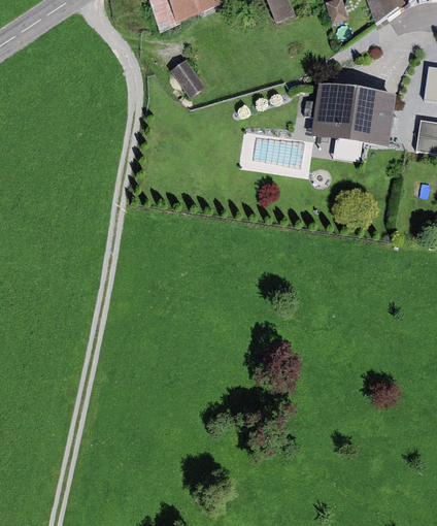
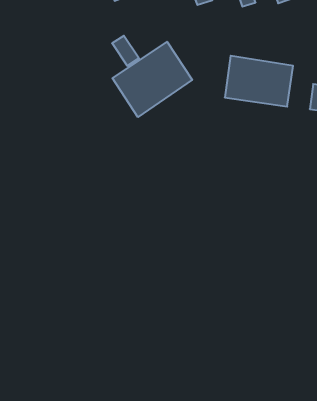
building: none -> [112,42,192,117]

